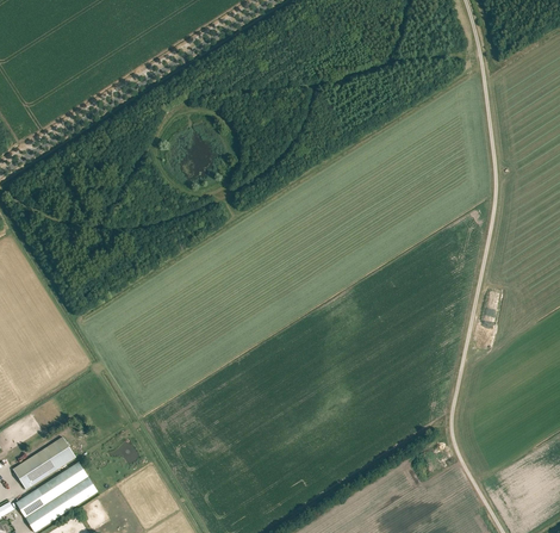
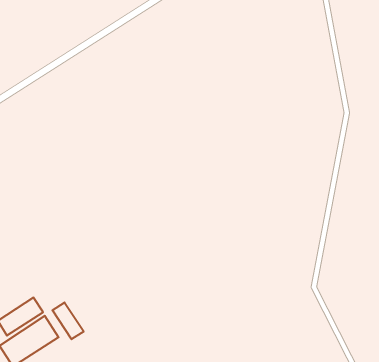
building: none -> [52,302,84,339]

